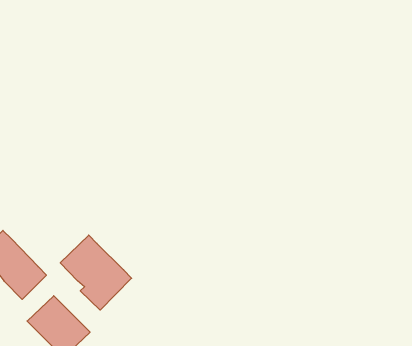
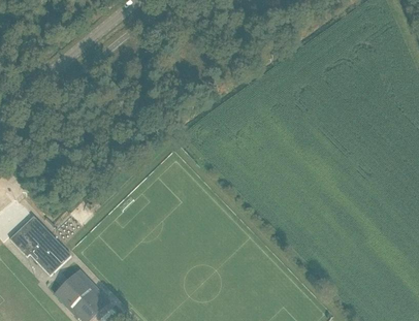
building: [60,235,132,310] -> none

